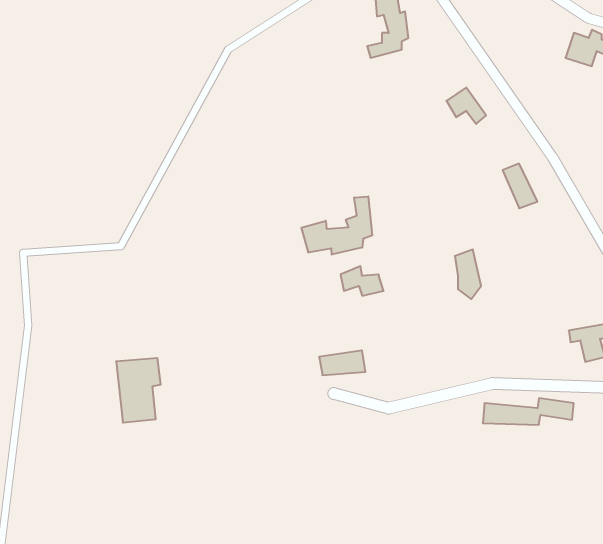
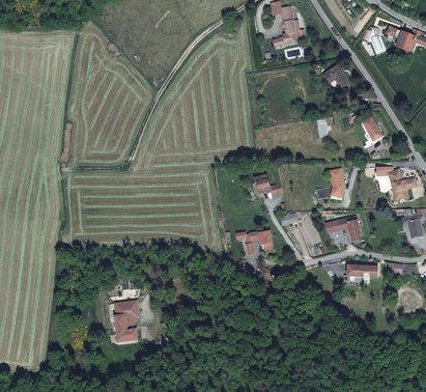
building: [301,196,372,255] -> none
building: none -> [389,169,415,199]
building: none -> [329,214,362,242]
building: [116,358,161,423] -> [109,300,137,340]

